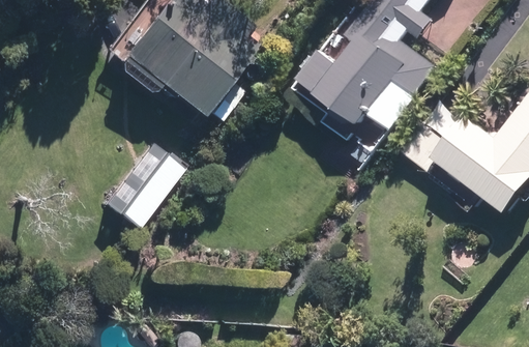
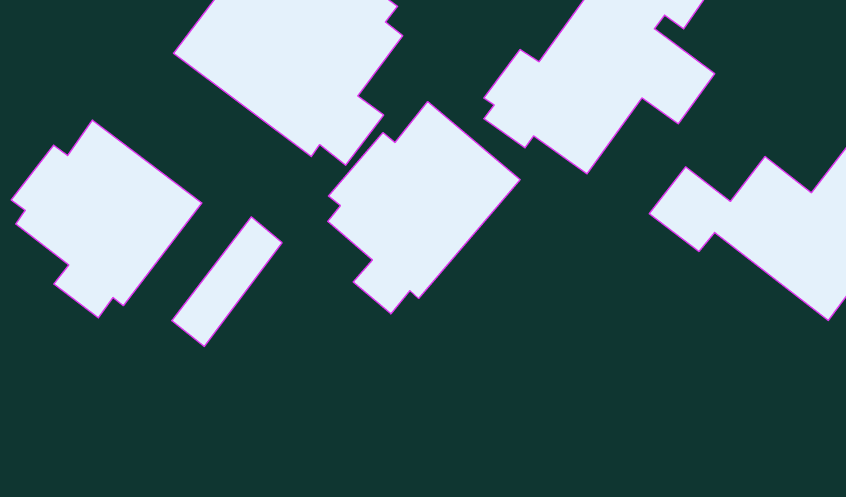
building: none -> [328,102,520,314]
building: none -> [11,120,202,318]

